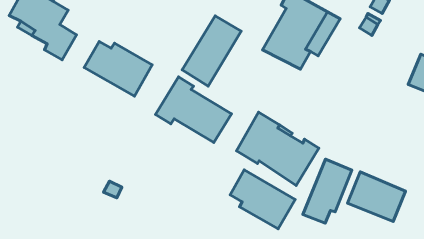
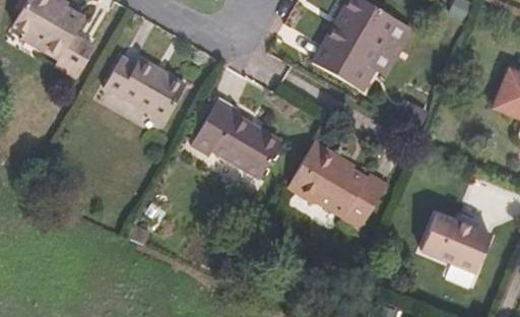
building: [182,16,241,86] -> none
building: [303,159,352,223] -> none
building: [230,170,295,229] -> none

